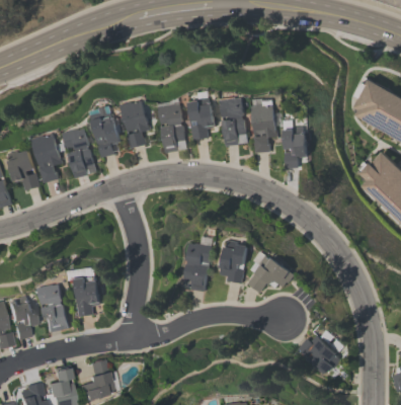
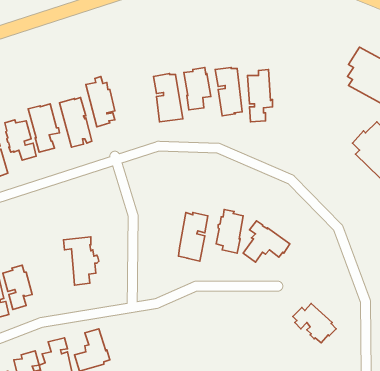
building: [121,100,150,148] -> none
building: [283,119,307,168] -> none
building: [37,284,69,332] -> none

